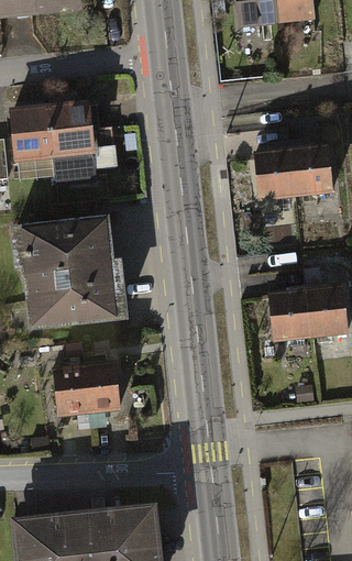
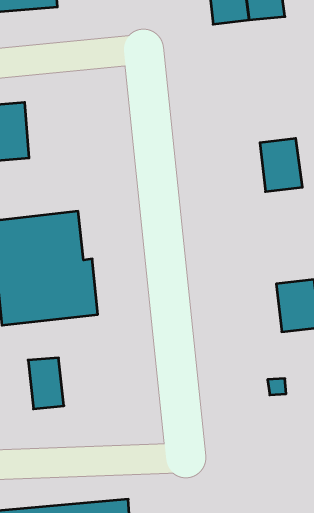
building: [51,102,117,187] -> none
building: [252,146,294,200] -> none
building: [266,289,310,342] -> none
building: [85,361,120,413] -> none

